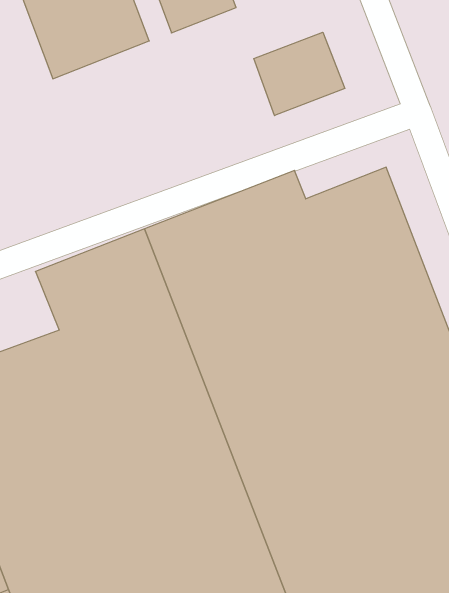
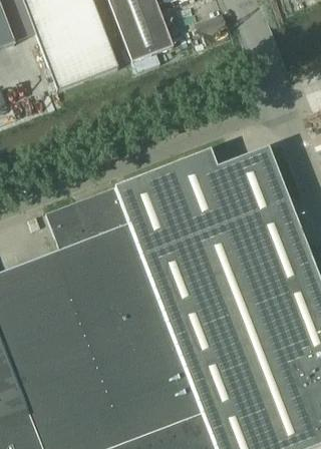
building: [254,32,345,116] -> none

